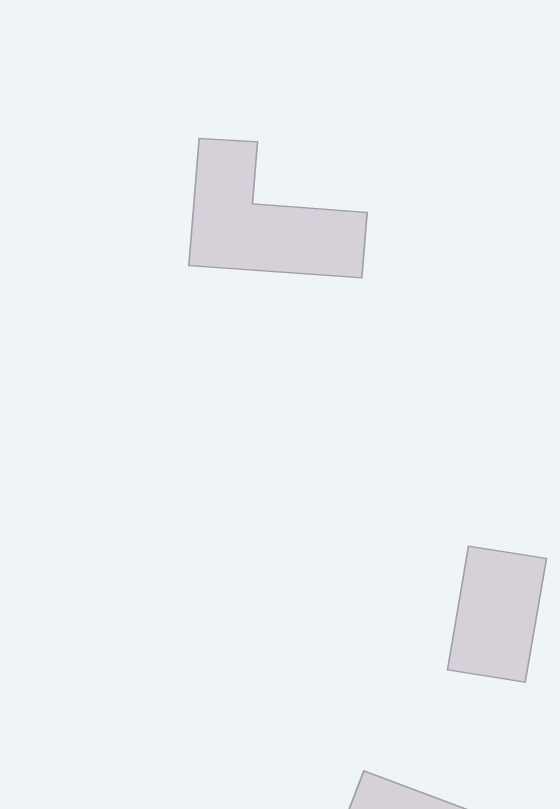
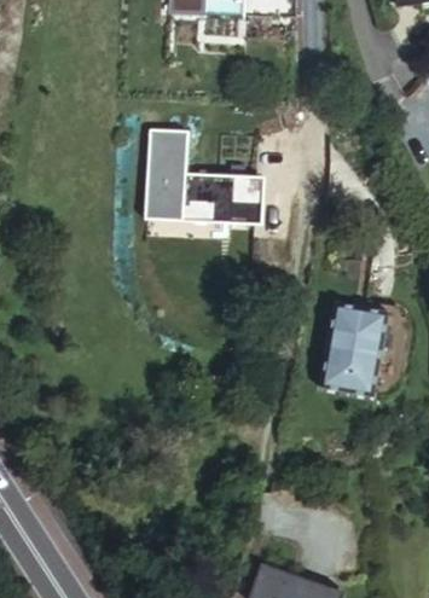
building: [447,546,546,682] -> [320,303,388,396]

